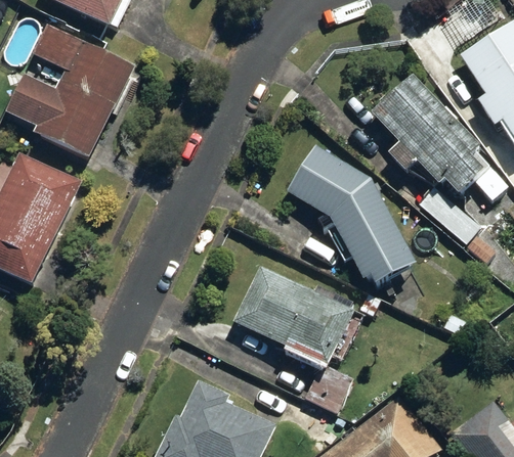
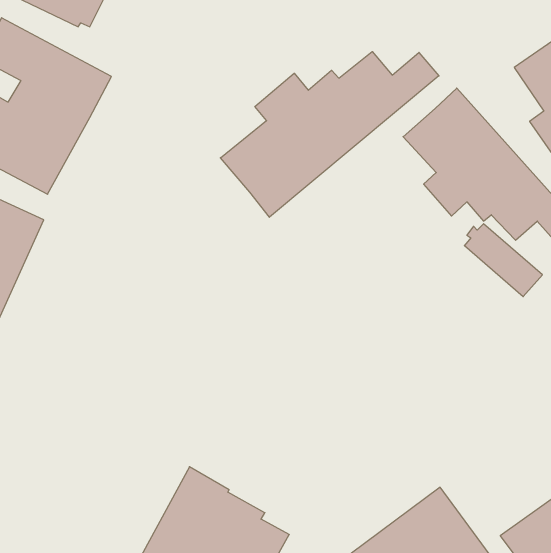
building: none -> [220,52,439,217]
building: [288,147,416,289] -> none
building: [233,262,365,373] -> none

